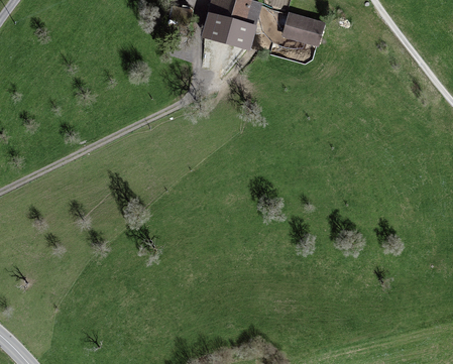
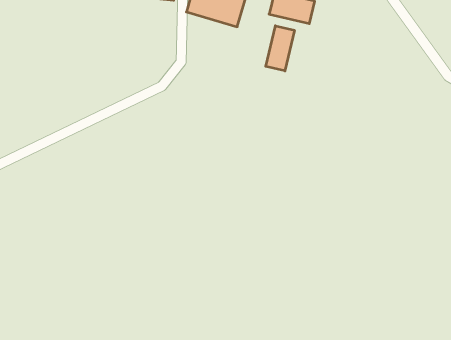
building: none -> [266,26,294,71]

